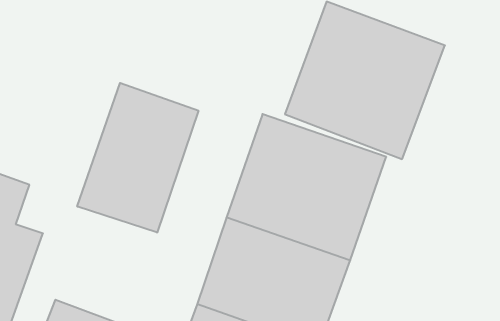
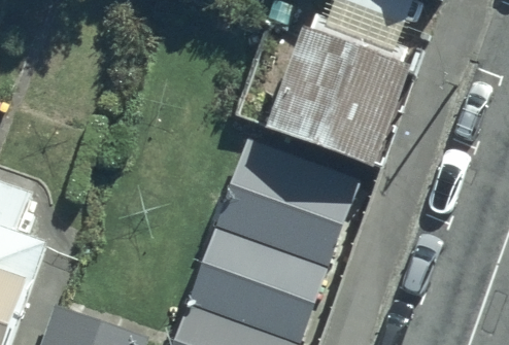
building: [77,83,198,233] -> none

